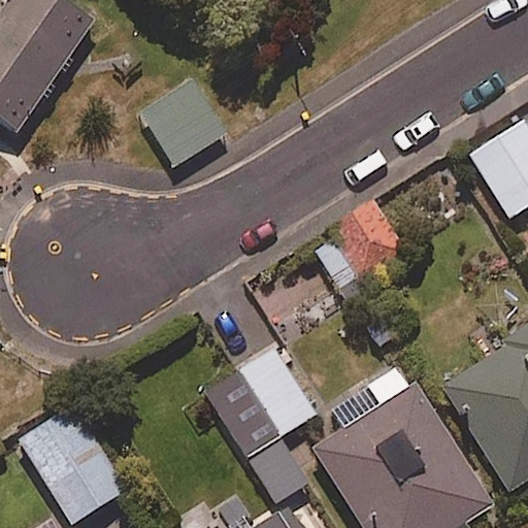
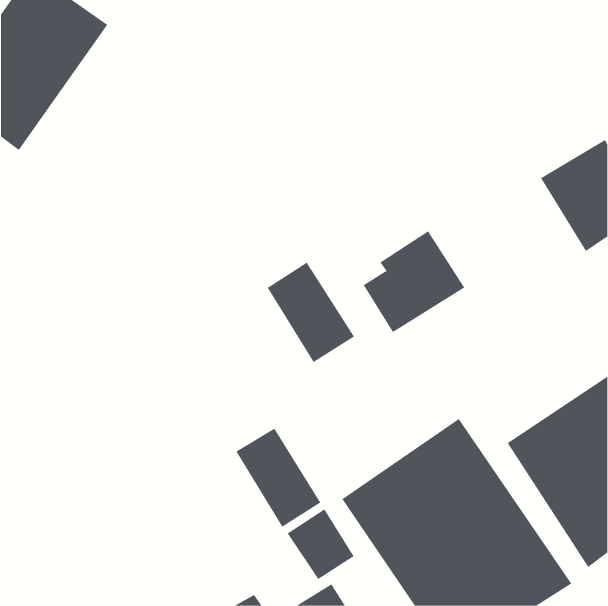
building: [141,80,225,165] -> none
building: [238,349,315,436] -> [267,262,355,363]
building: [21,406,125,522] -> none

